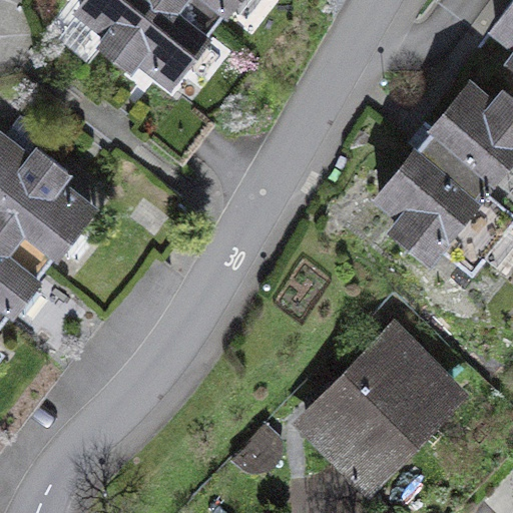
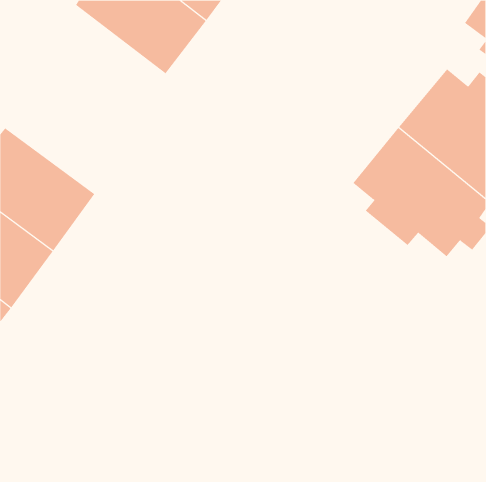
building: [297,323,466,490] -> none

